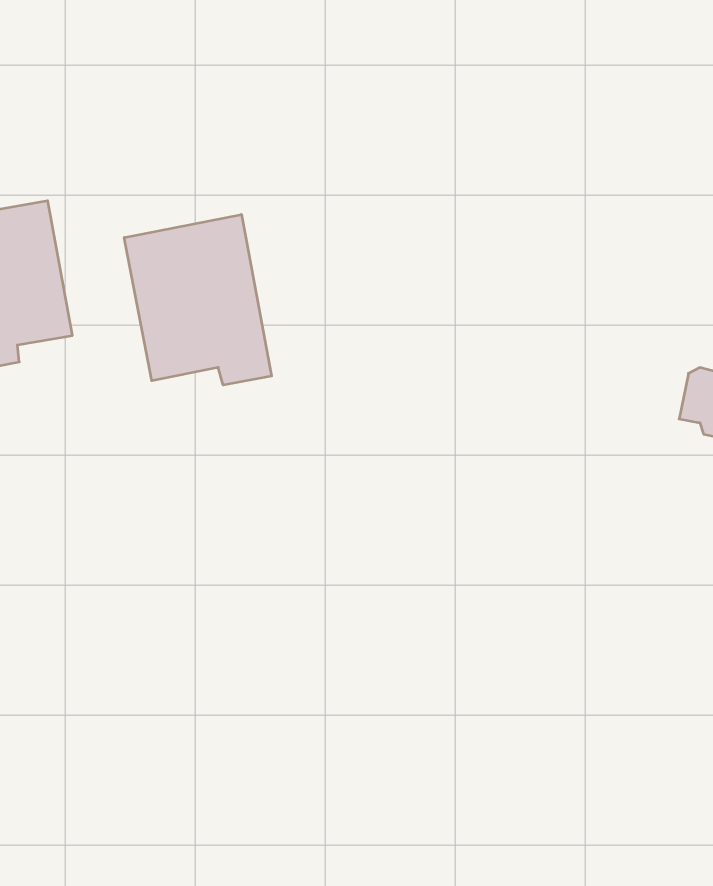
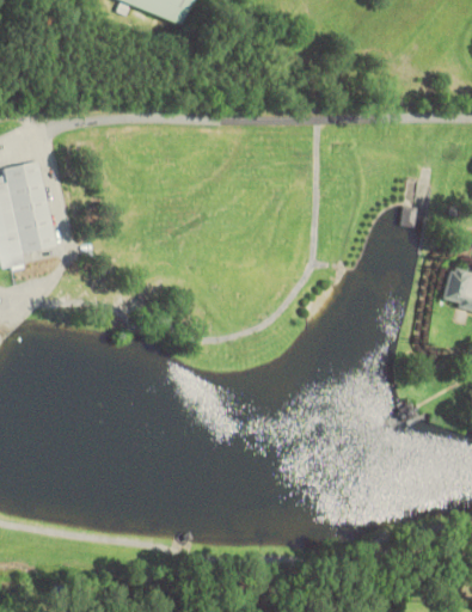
building: [124,214,272,385] -> none

